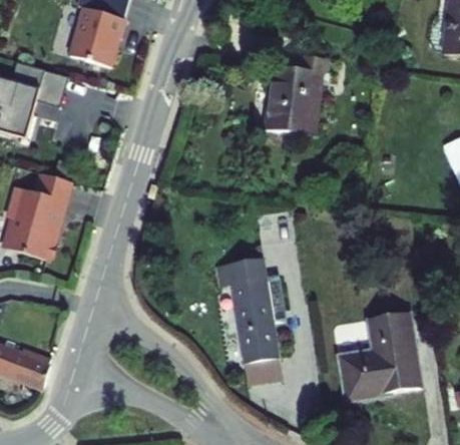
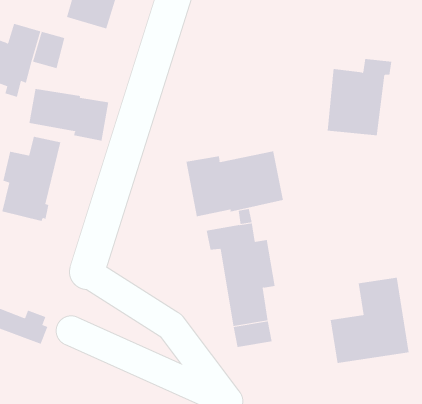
building: [255,53,321,131] -> [327,58,392,136]
building: none -> [29,88,109,142]
building: none -> [186,151,283,217]

